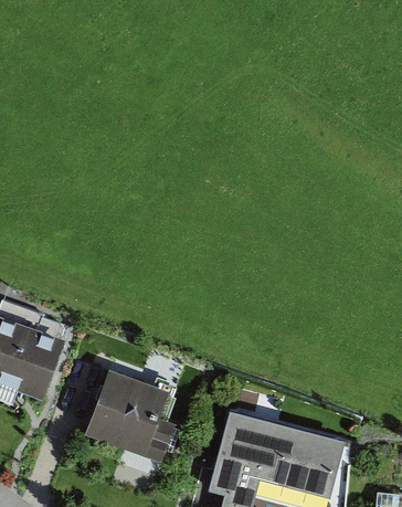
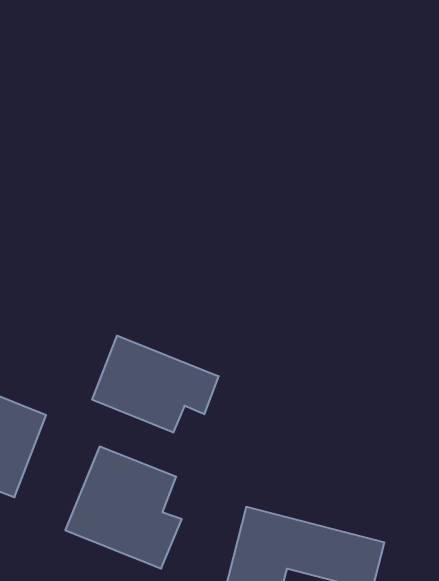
building: none -> [92,336,219,433]

